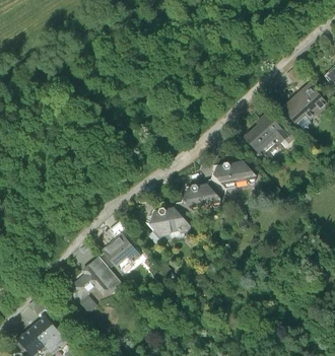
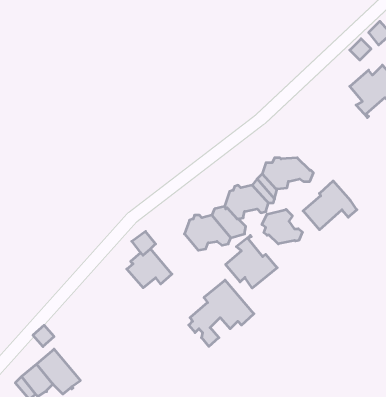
building: [243,112,286,151] -> [303,181,357,230]
building: none -> [262,209,302,244]
building: none -> [226,235,277,288]
building: [70,256,123,309] -> [189,280,254,346]

